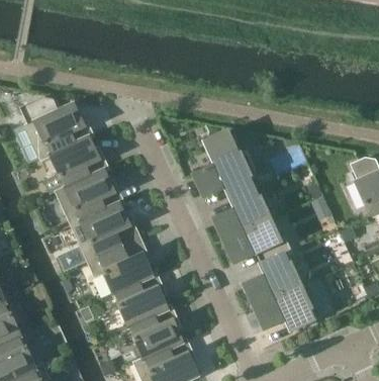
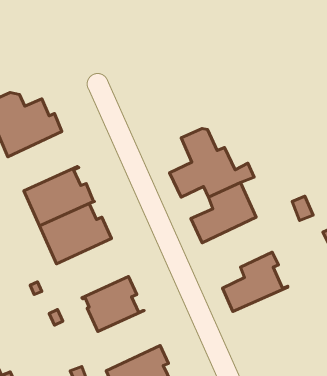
building: [40,135,107,192] -> none
building: [226,217,293,265] -> none
building: [87,237,156,294] -> none
building: [256,284,324,331] -> none
building: [126,306,186,364] -> none

